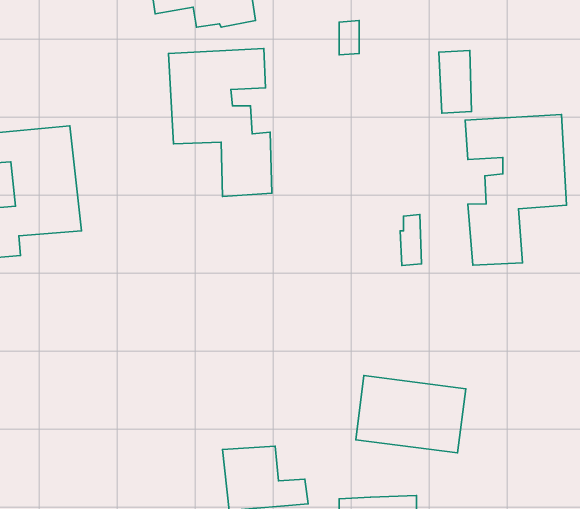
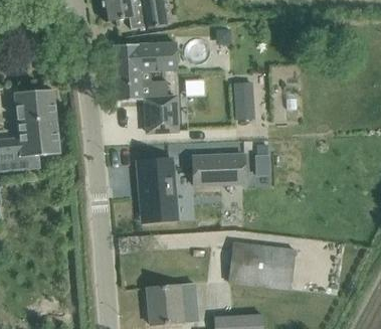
building: [439,51,472,113] -> [237,79,257,118]
building: [465,115,567,265] -> none
building: none -> [193,154,245,184]
building: none -> [139,159,178,221]

